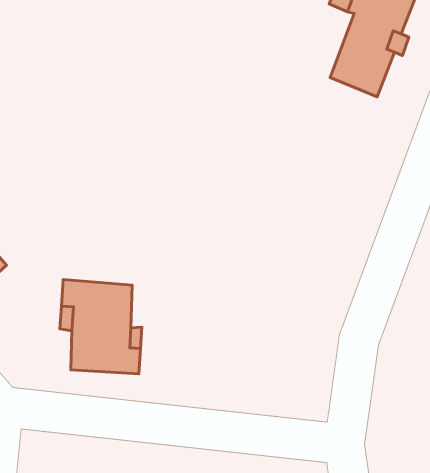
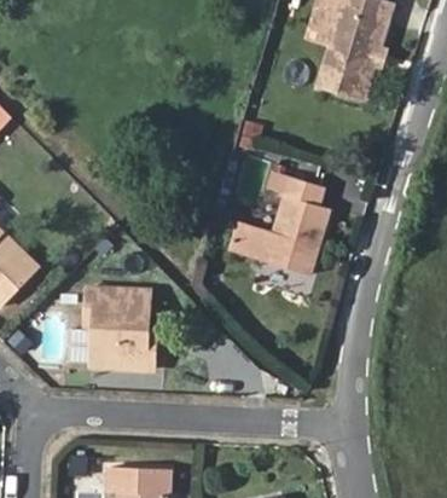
building: none -> [231,175,329,280]

